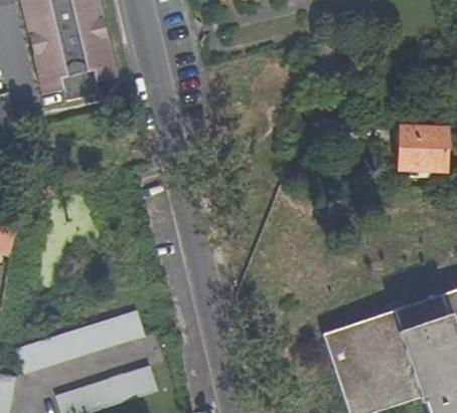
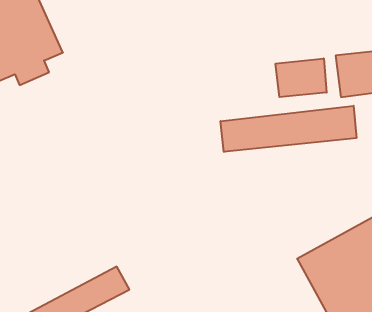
building: none -> [276,58,327,97]
building: none -> [221,106,356,152]

